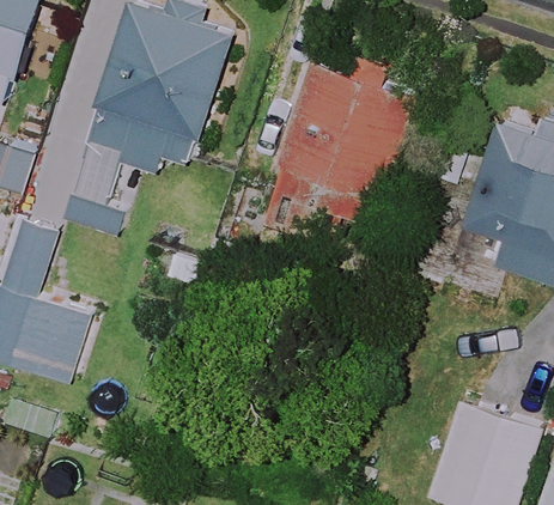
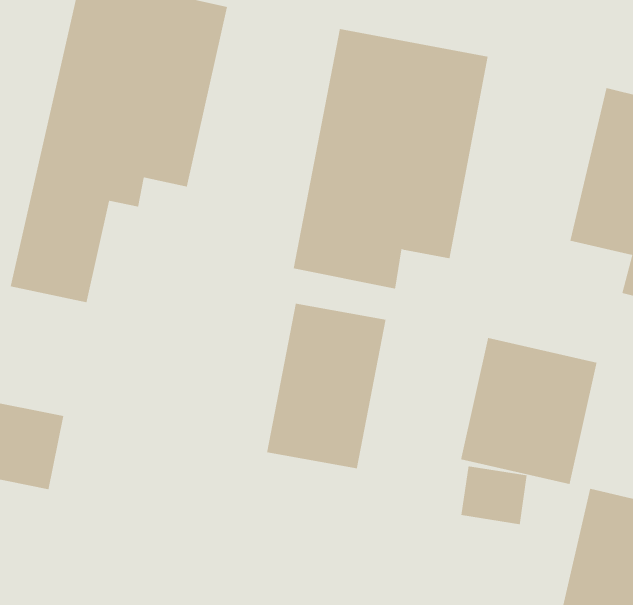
building: none -> [266,303,386,469]
building: none -> [461,337,597,485]

